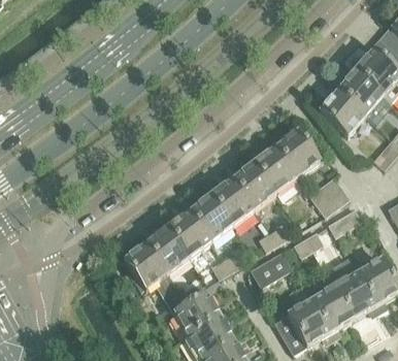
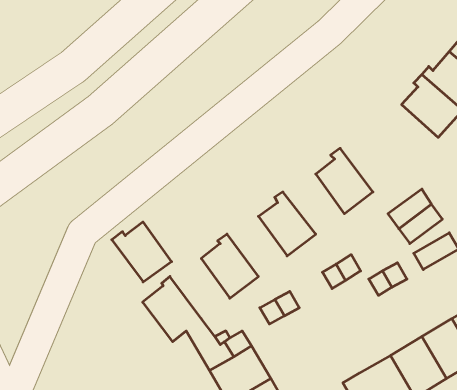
building: [272,130,326,175] -> none
building: [229,162,275,207] -> none
building: [187,194,232,239] -> none
building: [143,226,189,271] -> [112,222,172,282]
building: [250,249,292,285] -> none

